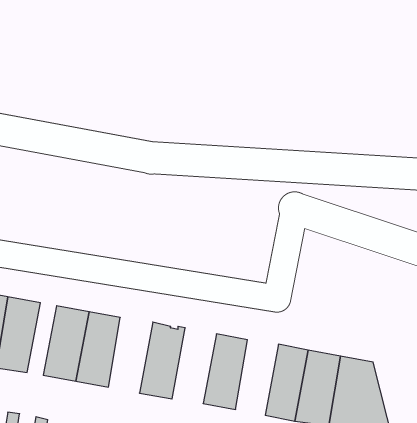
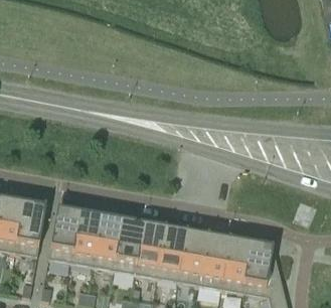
building: none -> [91,217,121,269]
building: none -> [134,224,164,276]
building: none -> [177,233,206,284]

